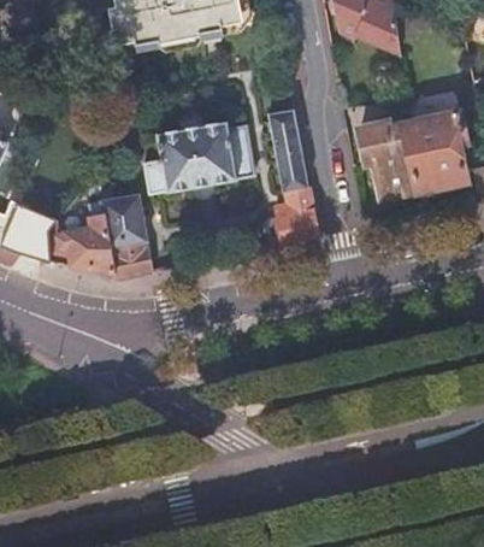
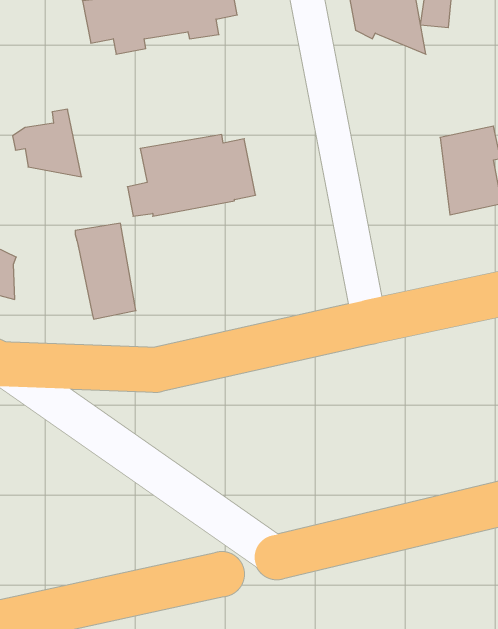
building: [266,108,317,245] -> none
building: [358,123,420,198] -> none
building: [55,216,114,274] -> [13,109,82,177]

